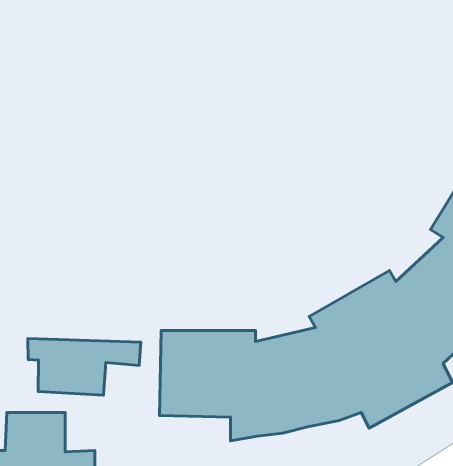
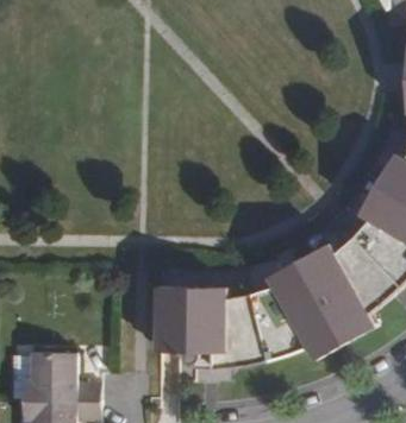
building: [28,338,141,395] -> none

